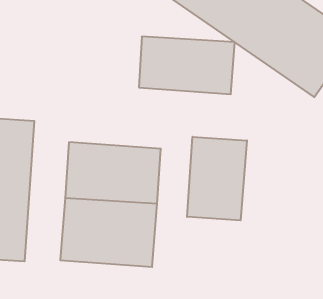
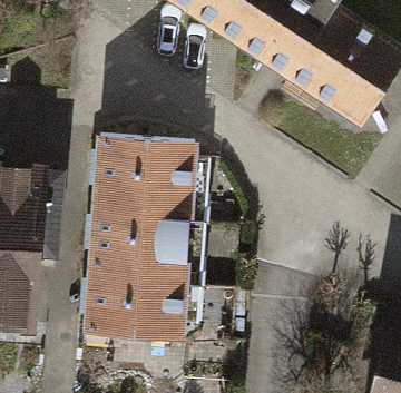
building: [139,37,235,94] -> [92,134,204,200]
building: [187,137,247,220] -> none

